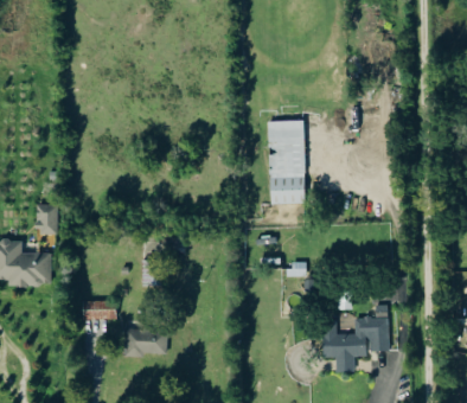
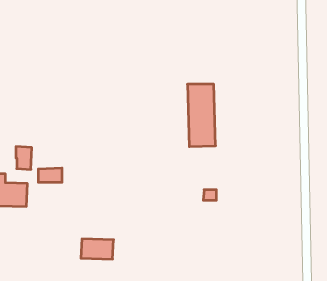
building: [83,300,115,319] -> [38,168,62,182]
building: [321,305,389,372] -> none

